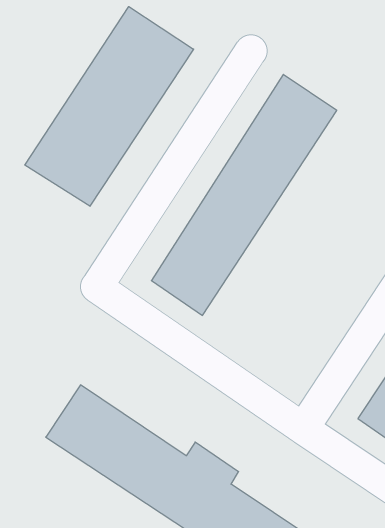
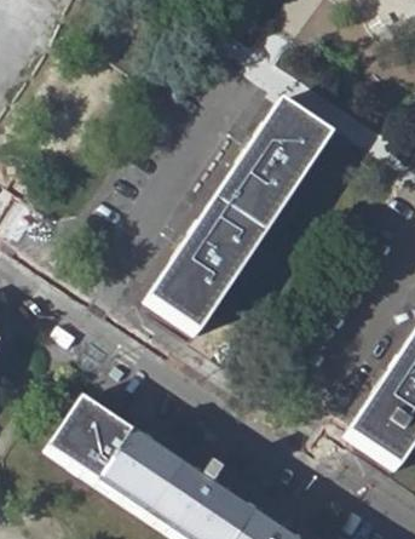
building: [25,7,194,206] -> none

